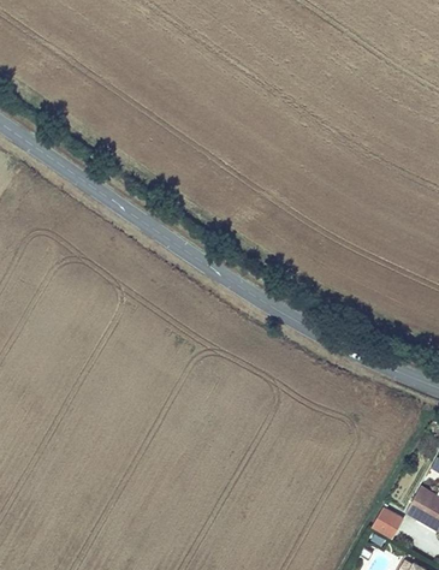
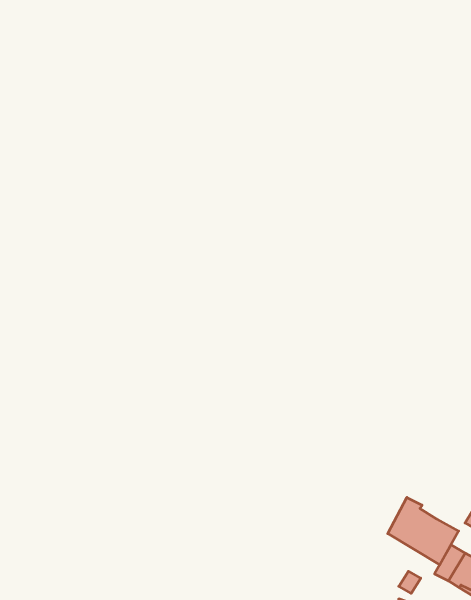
building: none -> [388,497,459,565]

